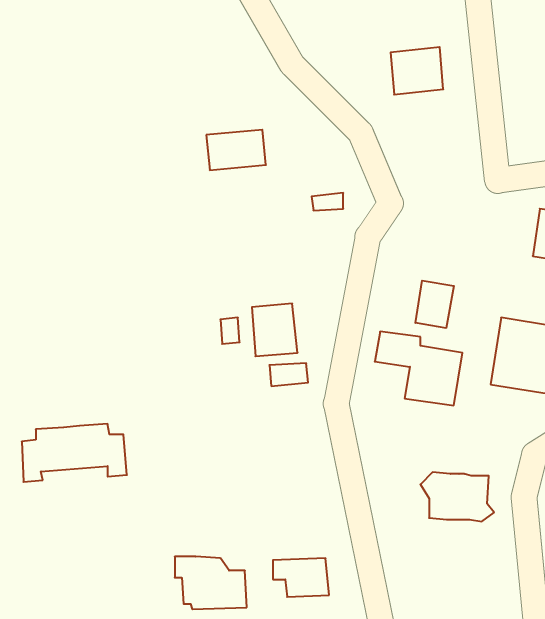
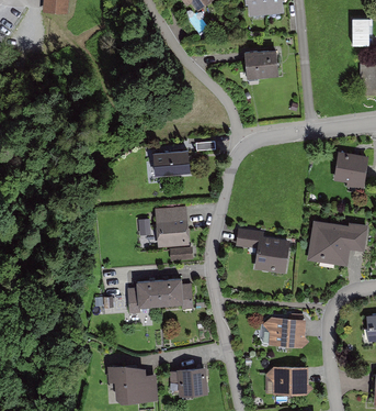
building: [206,130,266,170] -> [152,149,190,175]
building: [415,281,454,328] -> none
building: [22,424,127,482] -> [127,277,193,313]
building: none -> [264,366,312,393]

